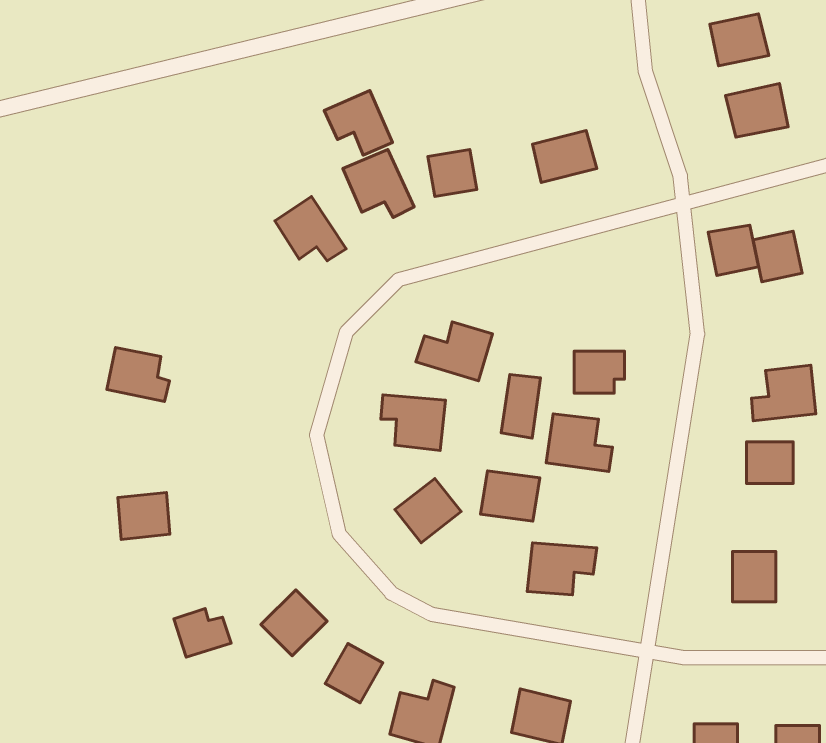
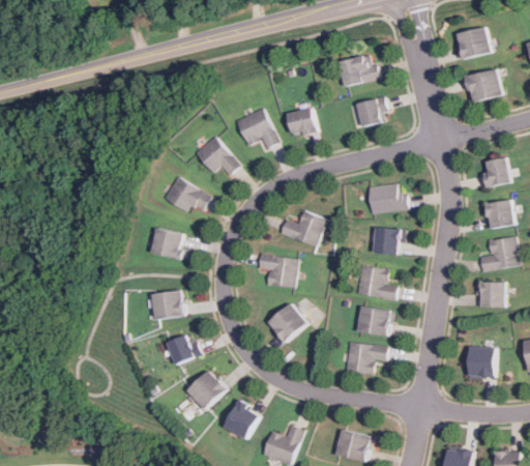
building: none -> [338,54,377,84]
building: [324,91,392,155] -> none
building: [708,225,759,276] -> [483,199,513,229]
building: none -> [164,176,210,211]
building: none -> [370,184,406,211]
building: [107,348,170,402] -> [151,228,188,260]
building: [501,374,541,438] -> none
building: [481,471,540,521] -> [357,305,392,336]
building: [118,492,170,539] -> [153,290,184,318]
building: [174,608,231,657] -> [168,334,202,363]

